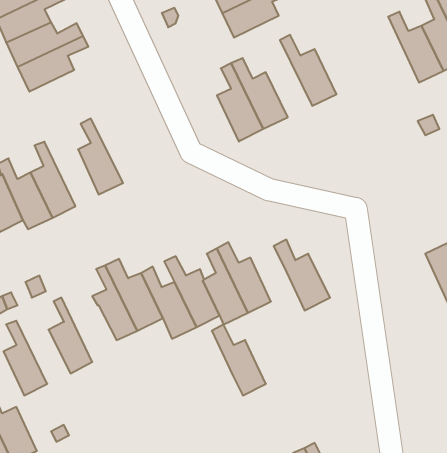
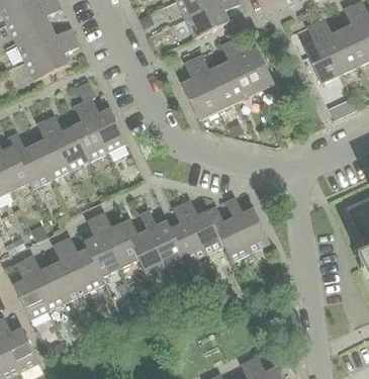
building: none -> [304,21,340,82]
building: none -> [219,39,256,100]
building: none -> [77,82,126,152]
building: none -> [45,114,88,170]
building: none -> [59,236,105,292]
building: none -> [23,255,66,309]
building: [212,325,266,395] -> [207,205,250,261]

